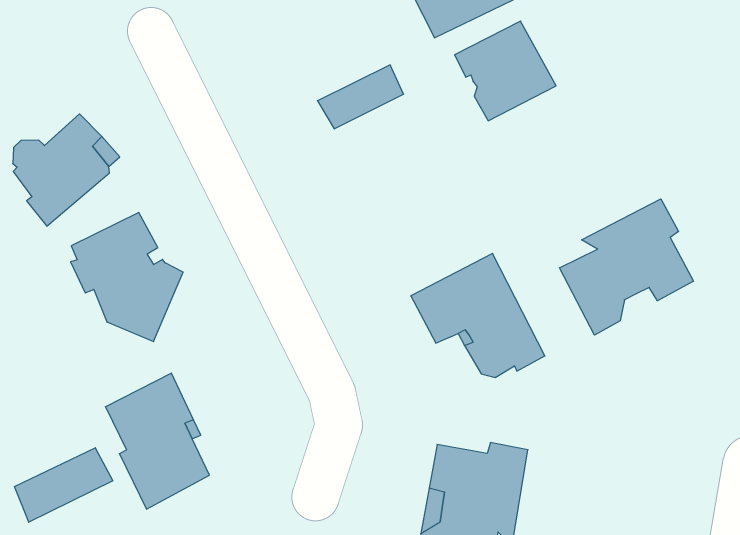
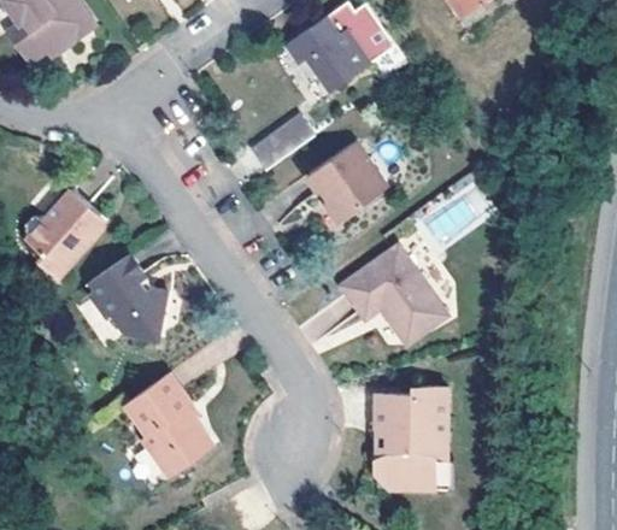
building: [455,21,556,121] -> [308,141,388,219]
building: [560,199,693,335] -> none
building: [15,448,113,522] -> none

